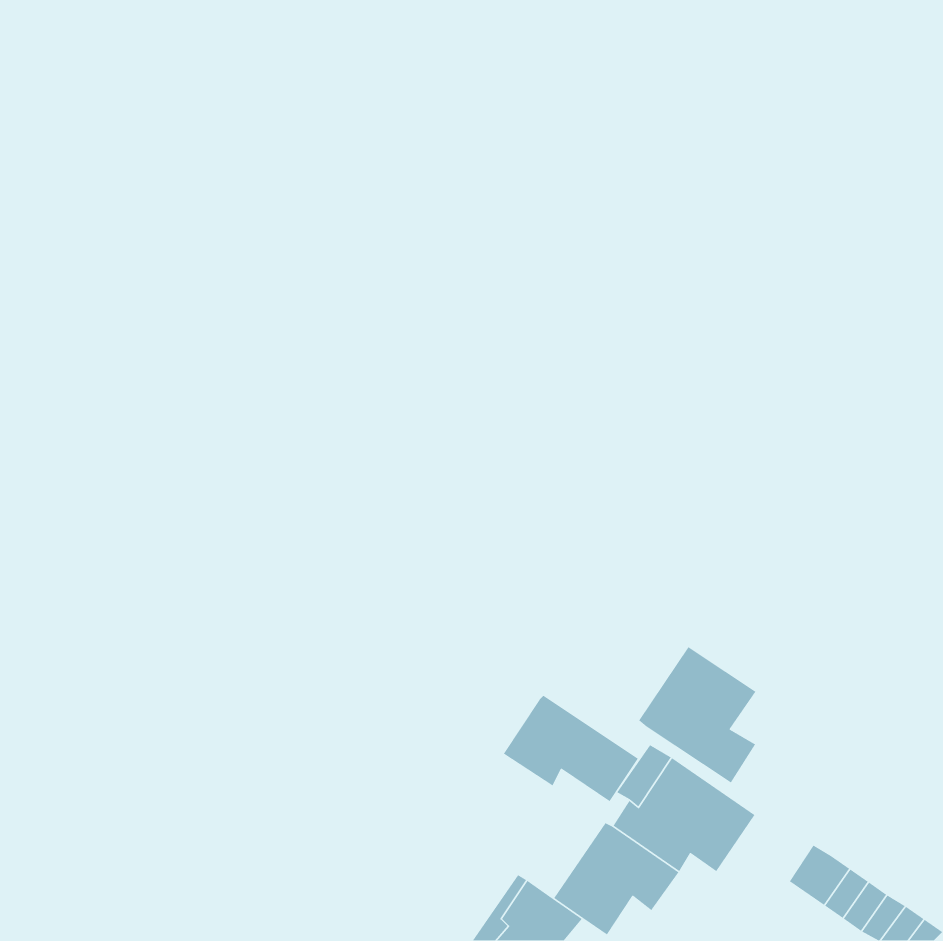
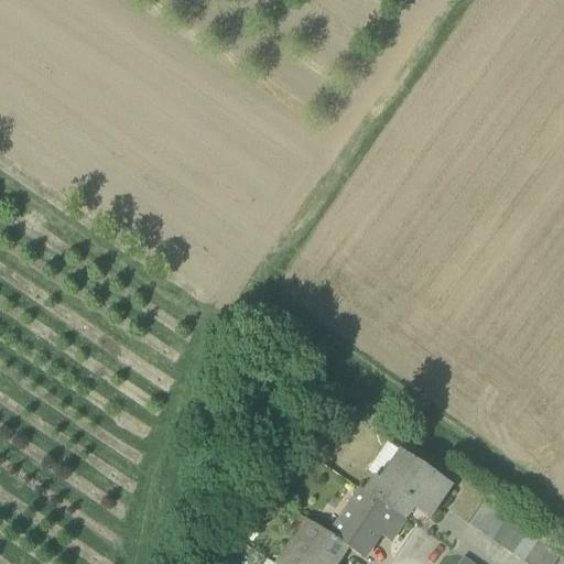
building: [638,646,757,783] -> none
building: [503,695,639,802] -> none

